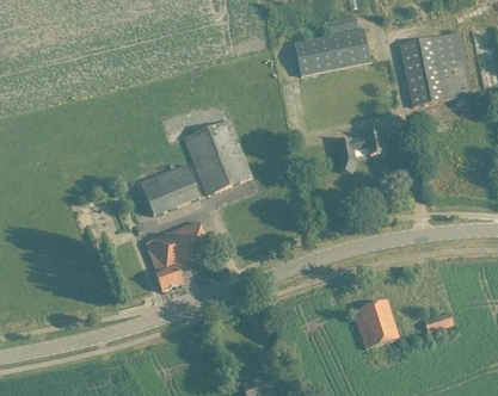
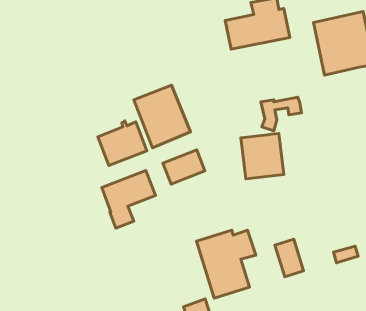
building: none -> [241,133,284,179]
building: none -> [163,150,205,184]
building: none -> [196,230,256,298]

